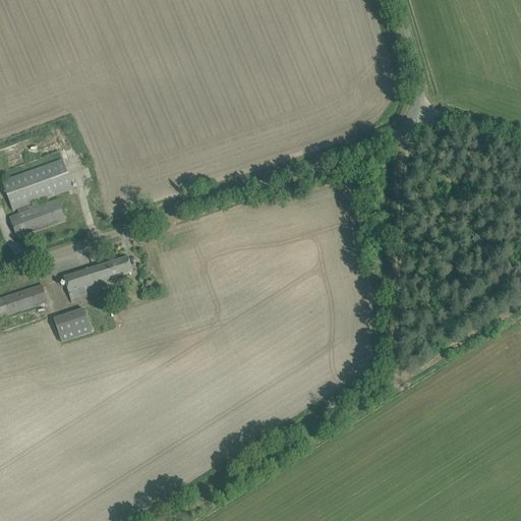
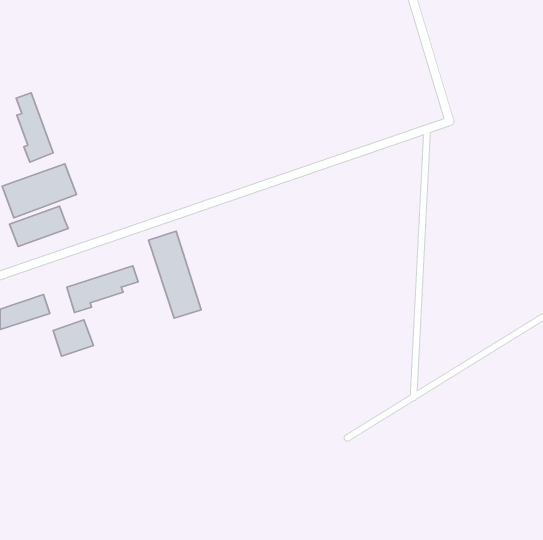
building: none -> [16,93,53,162]
building: none -> [148,231,201,318]

